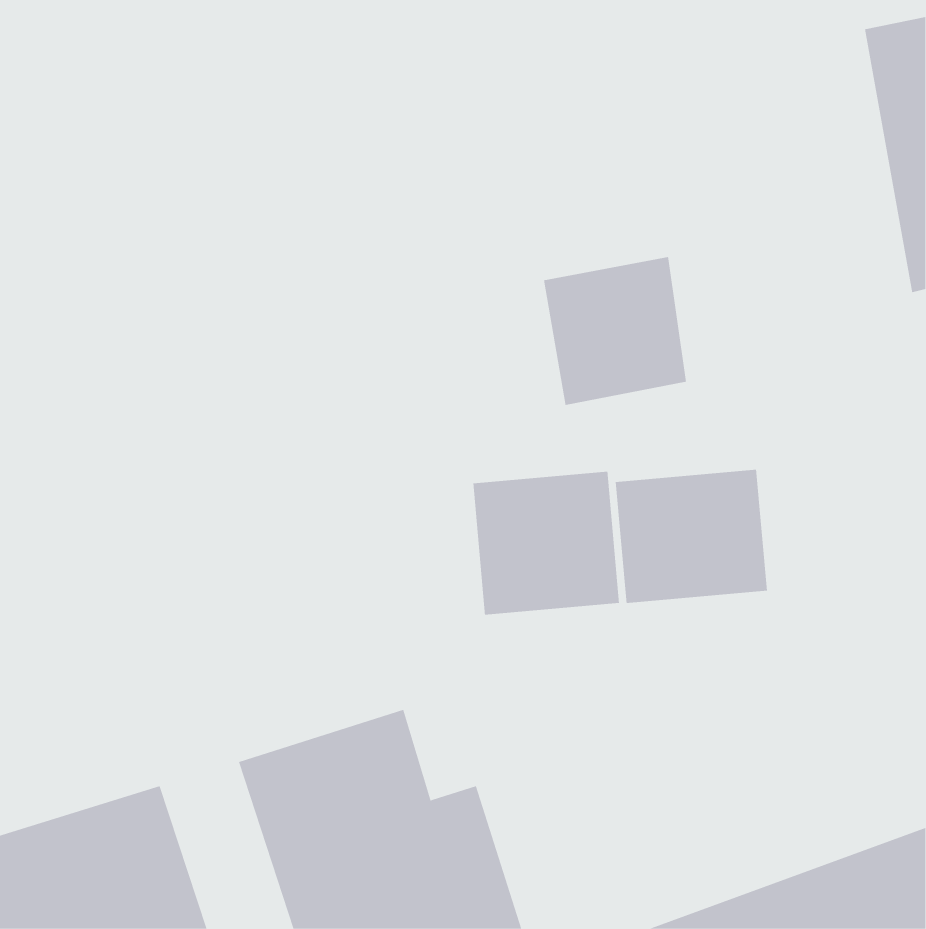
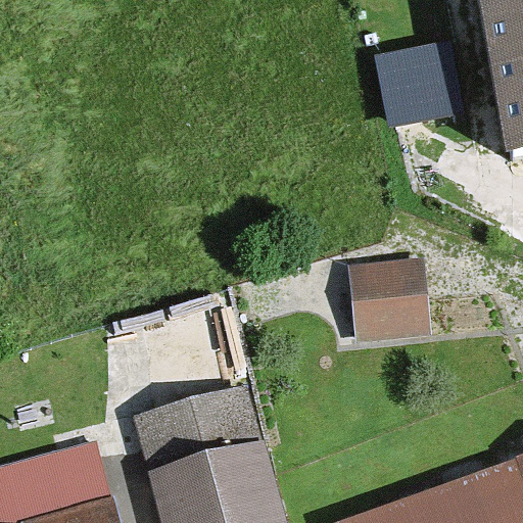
building: [543,256,687,406] -> [378,50,459,134]
building: [473,471,620,616] -> none

